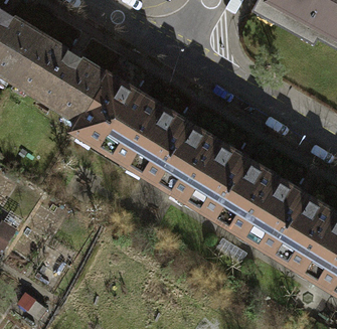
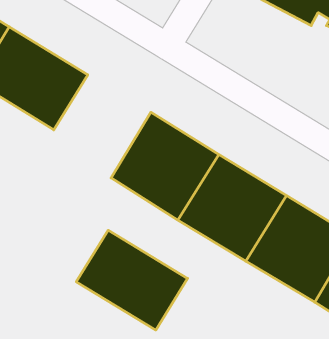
building: [74,73,163,162] -> none
building: none -> [76,230,188,330]

